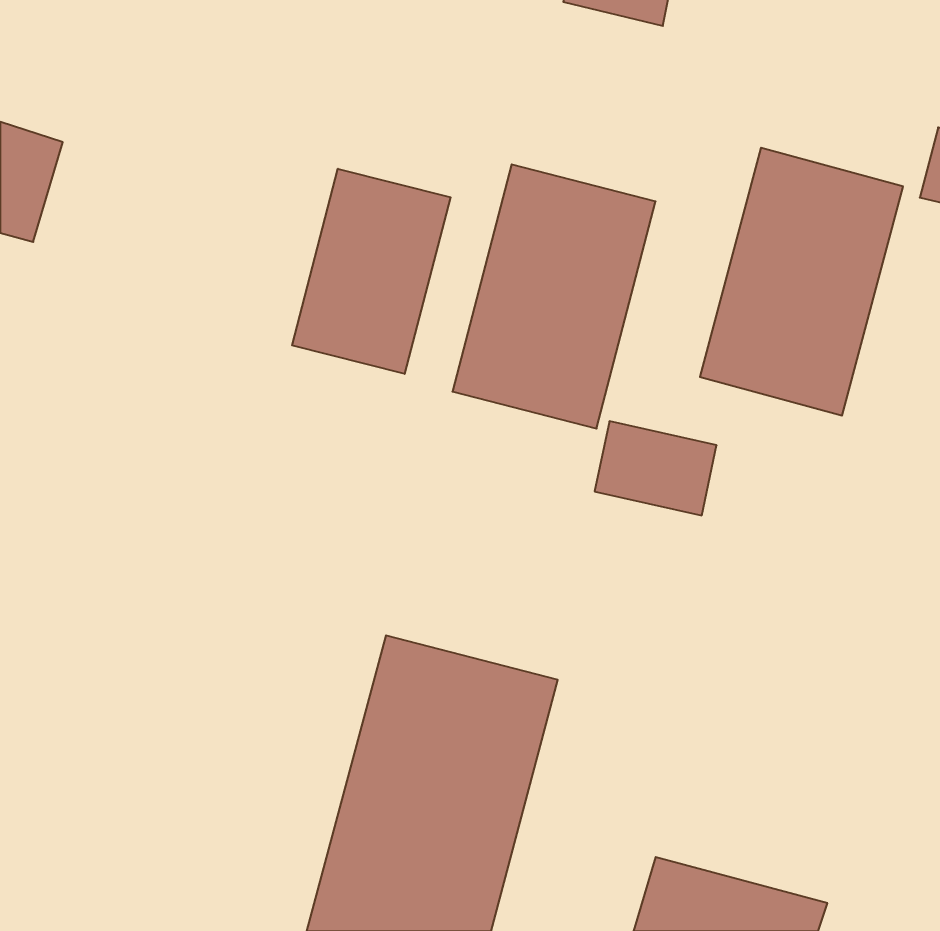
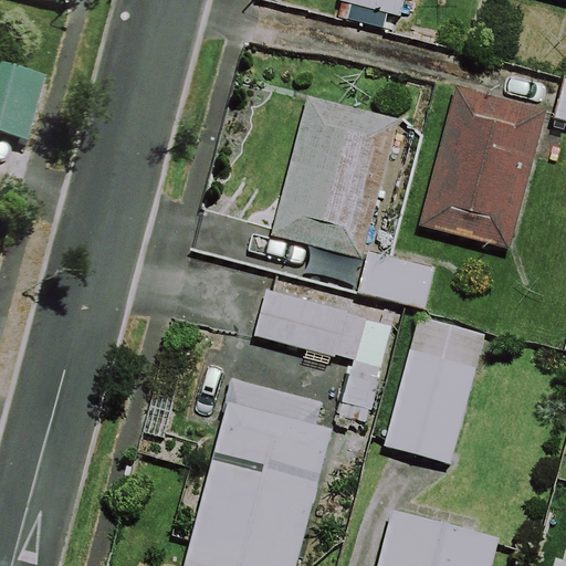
building: [292,169,451,374] -> none
building: none -> [253,291,365,360]
building: none -> [385,318,483,463]

